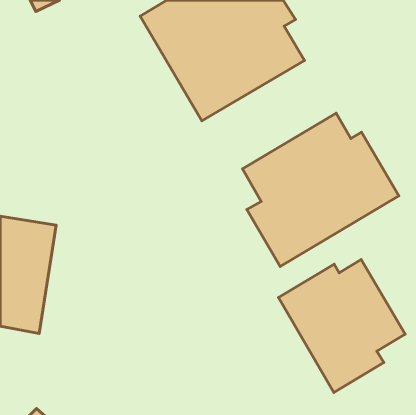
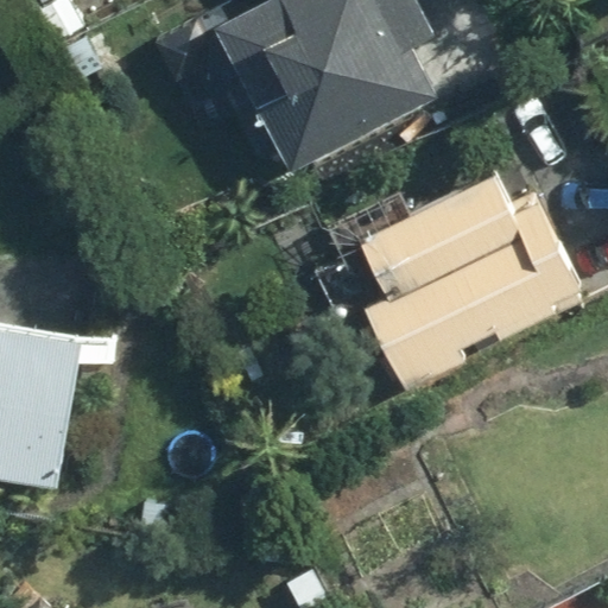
building: [278,260,405,392] -> none

